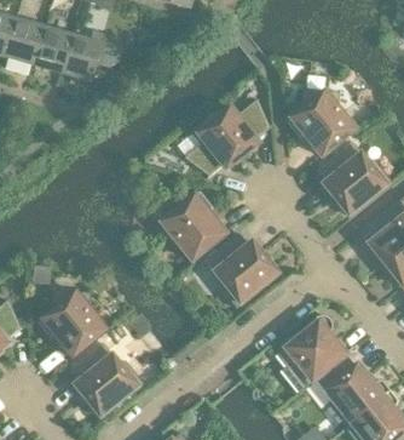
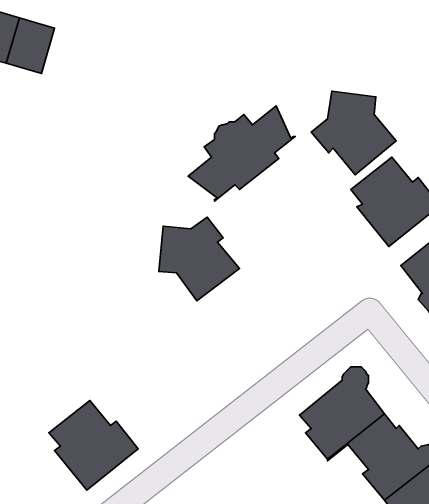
building: [63,30,123,81] -> none
building: [204,233,278,308] -> none
building: [37,288,106,358] -> none

